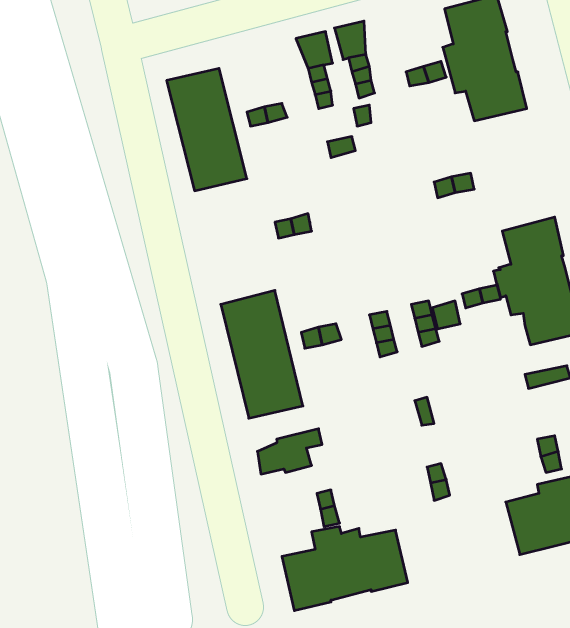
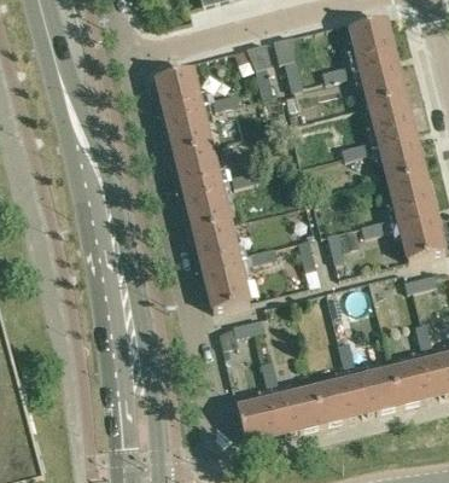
building: none -> [367,97,424,181]
building: none -> [175,145,231,232]
building: none -> [314,367,400,424]

